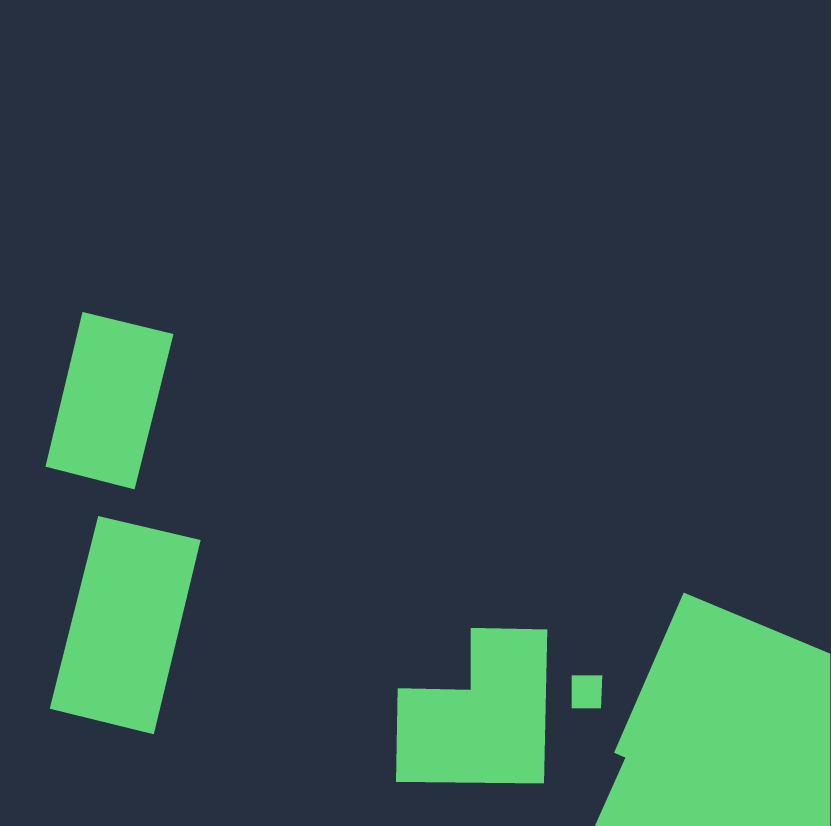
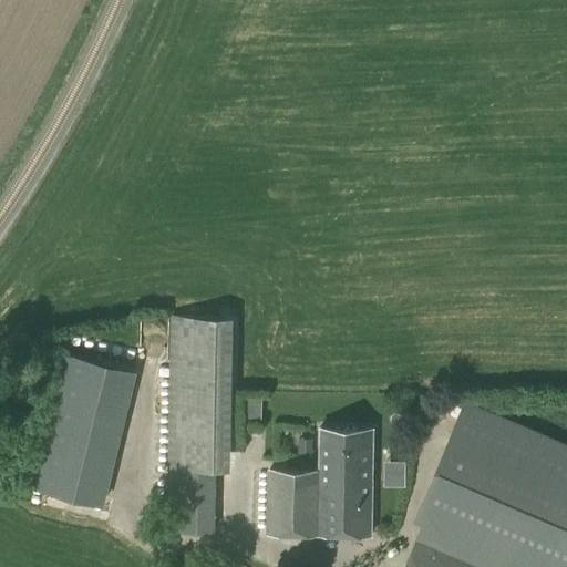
building: [45,311,174,490] -> none
building: none -> [167,319,234,534]

